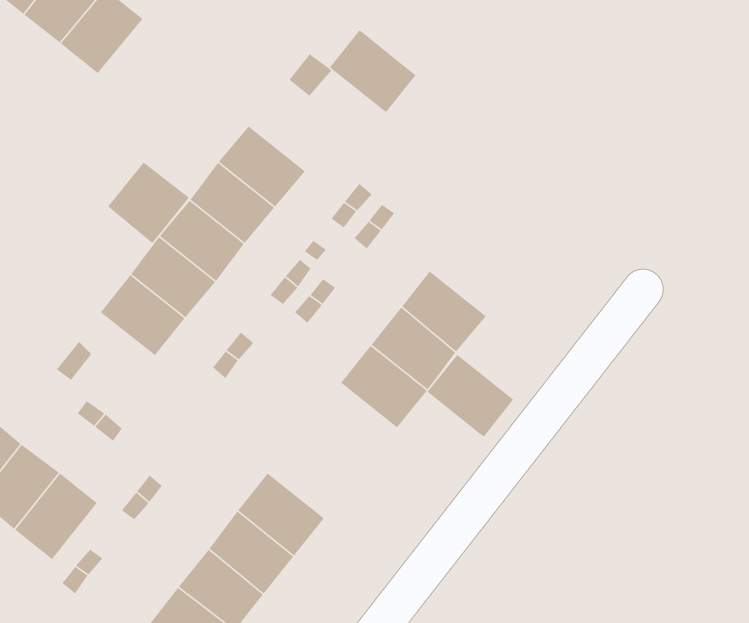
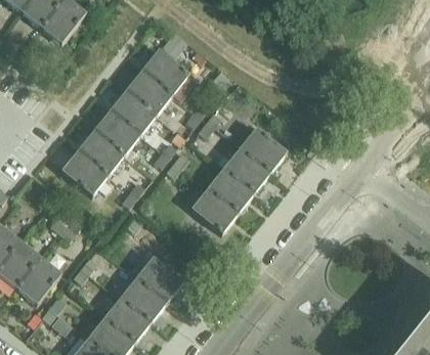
building: [329,29,417,113] -> [141,50,188,95]
building: [107,162,190,244] -> none
building: [427,354,514,438] -> [239,128,286,173]

